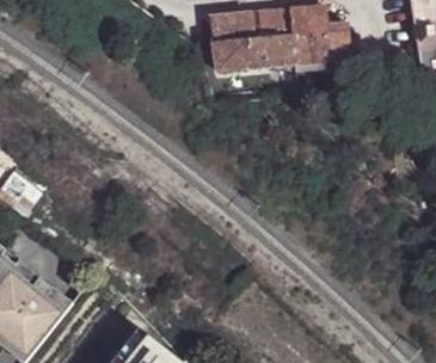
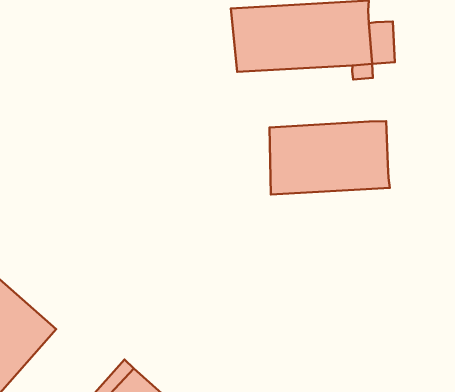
building: none -> [269,121,390,195]

